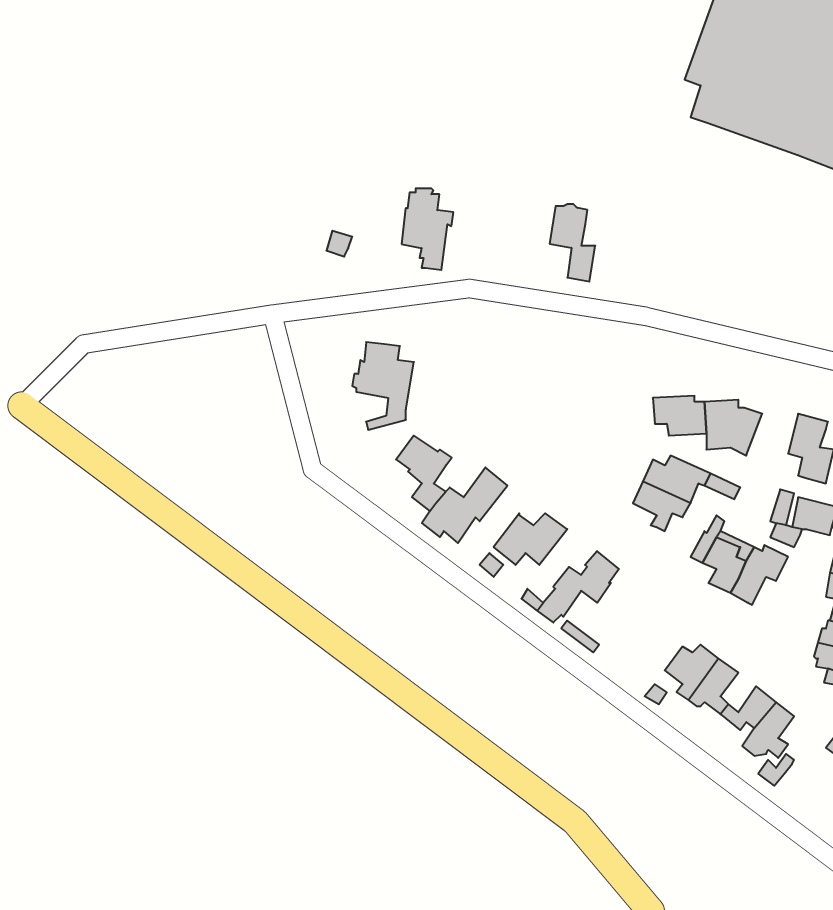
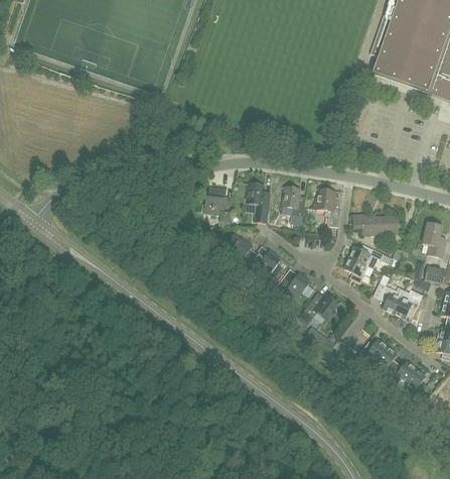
building: [402,188,453,270] -> [245,181,271,222]
building: [550,204,595,282] -> [281,185,304,224]
building: none -> [315,189,341,226]

